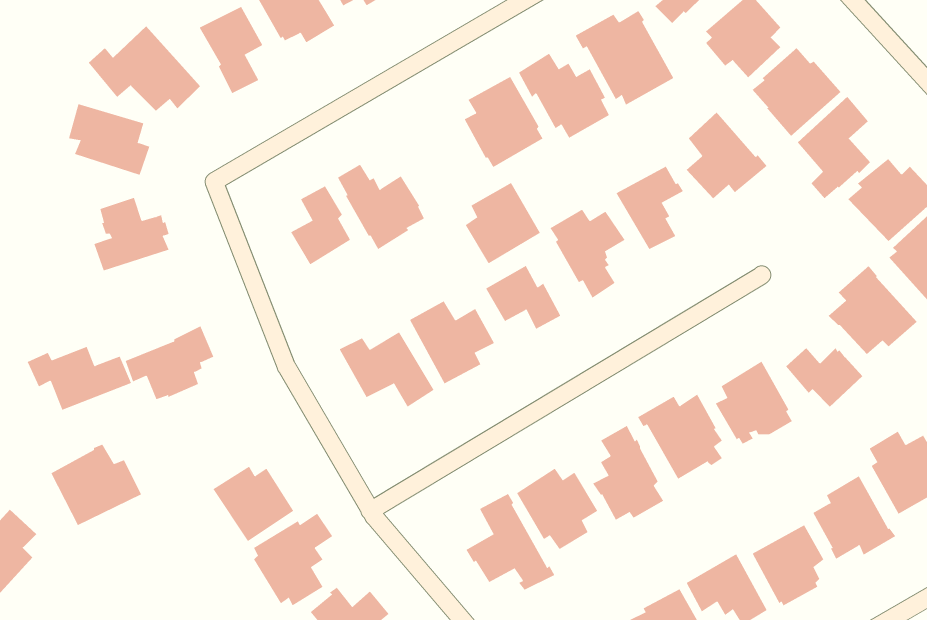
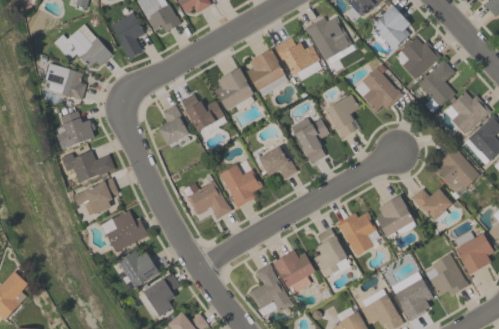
building: [465,182,541,264] -> [215,68,254,110]
building: [27,346,132,410] -> [61,150,115,183]
building: [50,444,142,526] -> [102,210,149,252]

